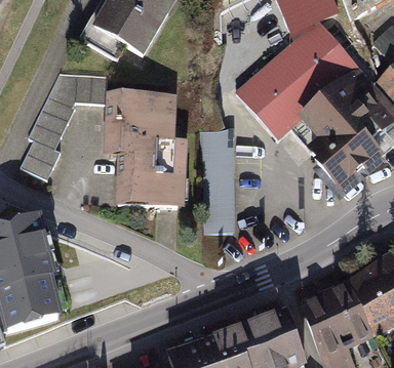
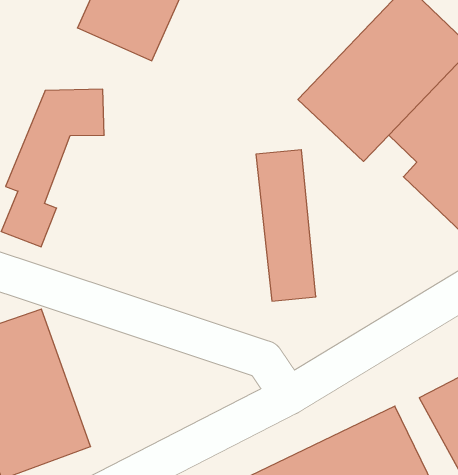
building: [103,94,183,203] -> none

